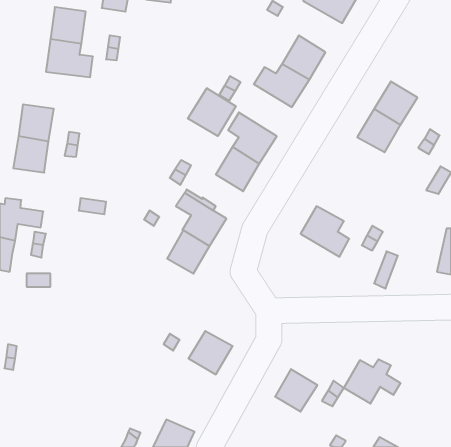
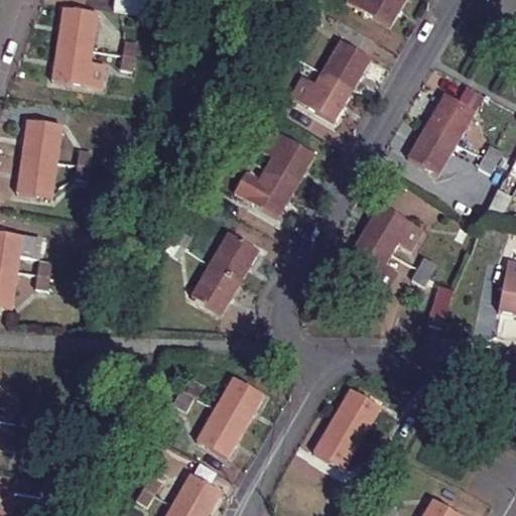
building: [188,88,236,136] -> none
building: none -> [361,203,423,252]
building: none -> [197,408,246,459]
building: [344,359,401,404] -> [332,388,396,438]

